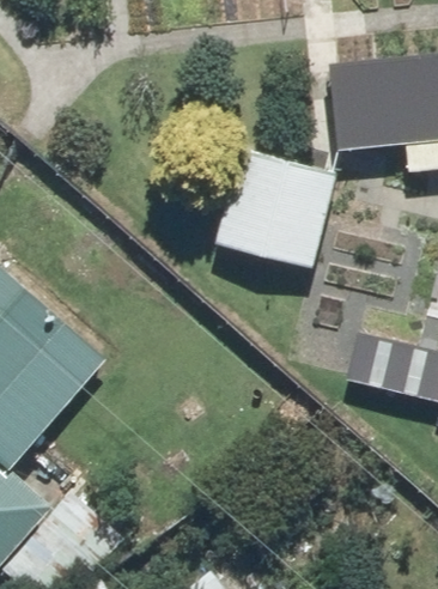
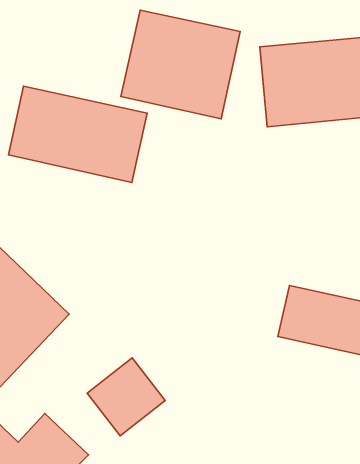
building: none -> [8,86,147,182]
building: [211,150,345,272] -> [121,10,240,119]

